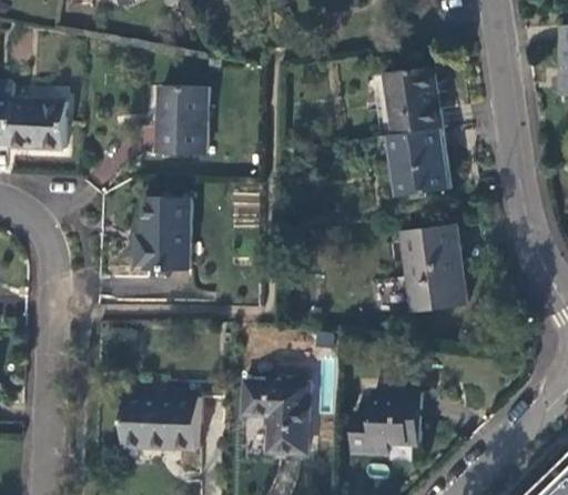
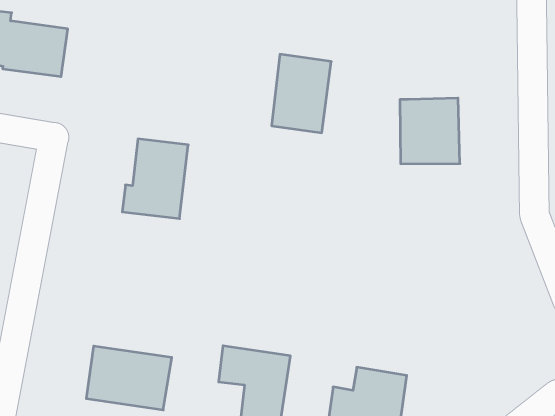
building: [384,67,439,133] -> none
building: [160,87,209,155] -> [272,54,331,133]
building: [400,226,464,310] -> none

